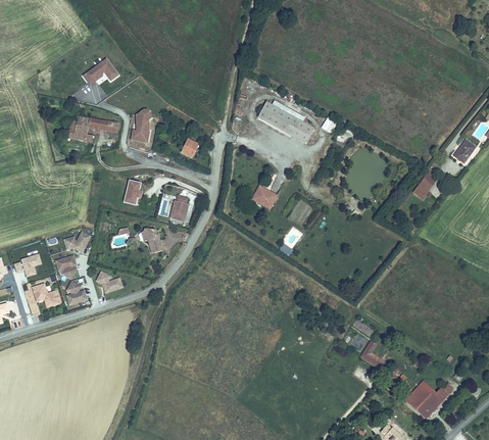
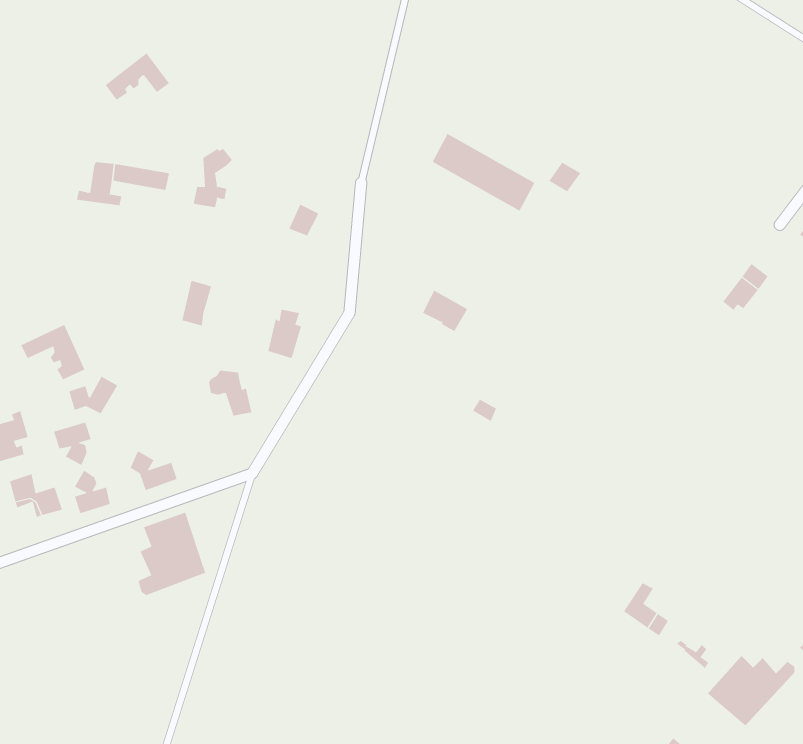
building: none -> [21,324,85,380]
building: none -> [138,512,206,596]

